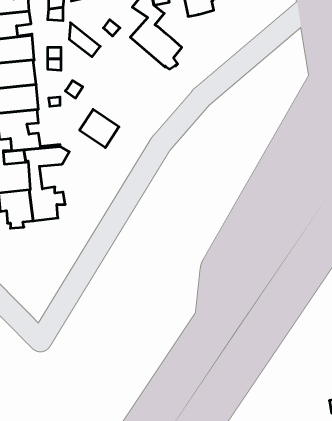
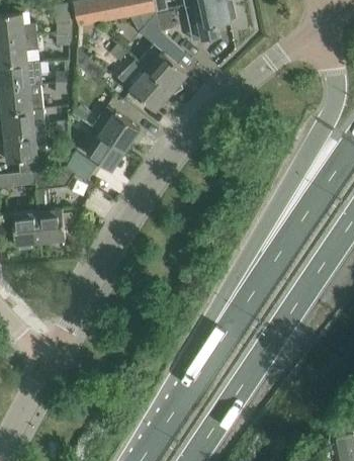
building: none -> [120,63,170,110]
building: none -> [93,108,139,151]
building: none -> [65,149,97,179]

